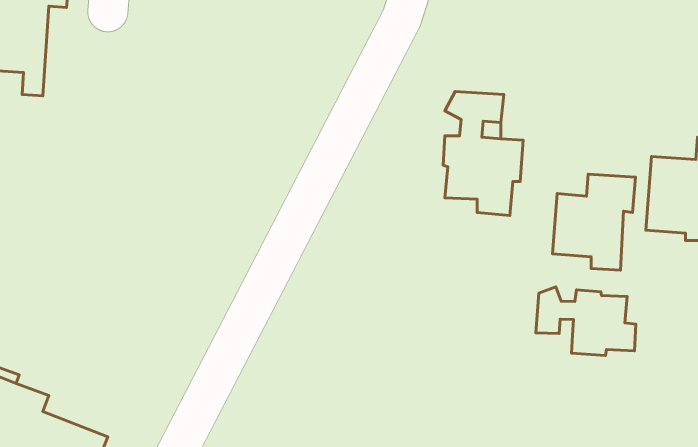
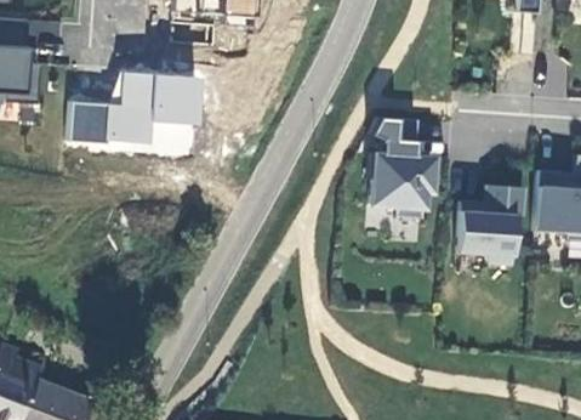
building: none -> [64,69,204,154]
building: [536,287,636,355] -> none

